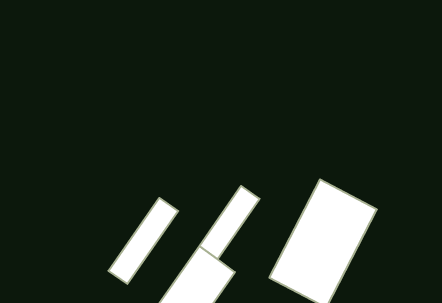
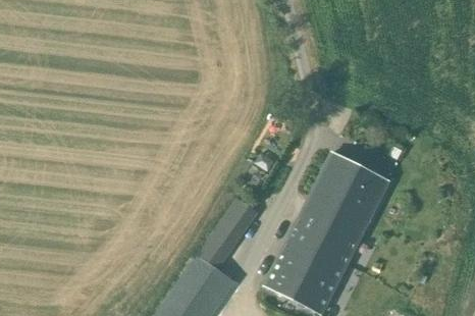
building: none -> [313,153,387,222]
building: [108,198,178,284] -> none

